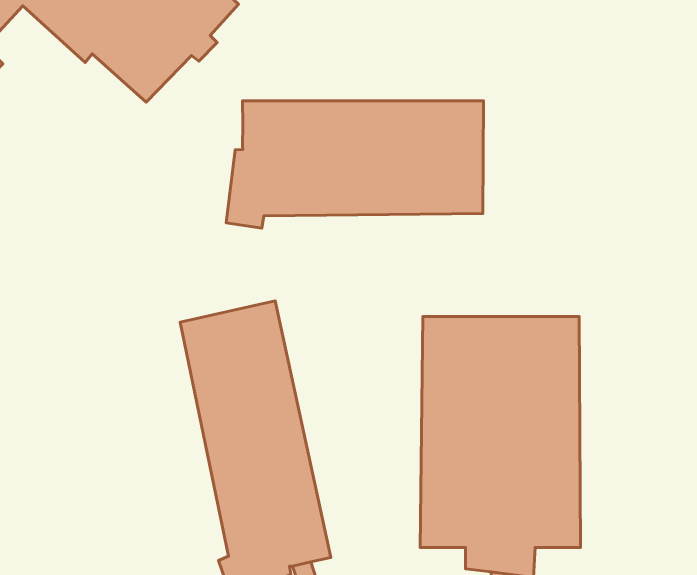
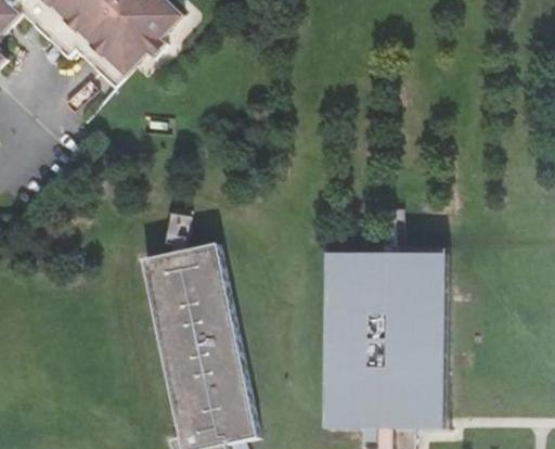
building: [226,101,484,228] -> none

